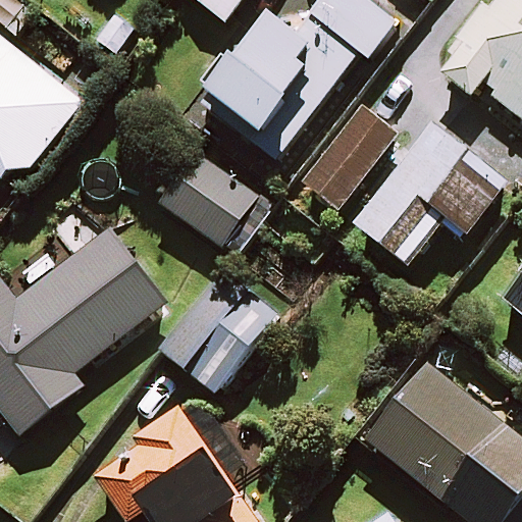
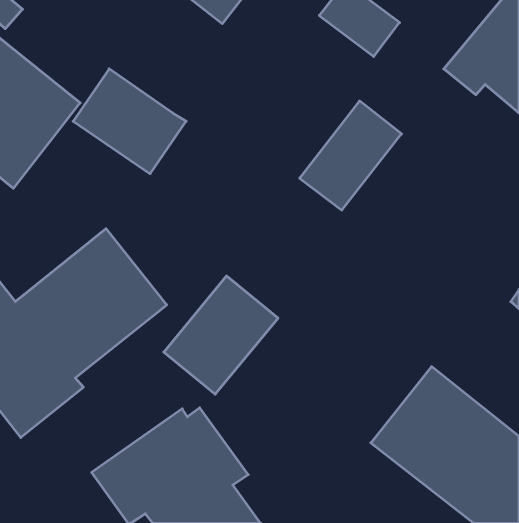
building: [216,14,358,159] -> none
building: [352,118,510,263] -> none
building: [158,152,270,256] -> [73,69,186,174]

